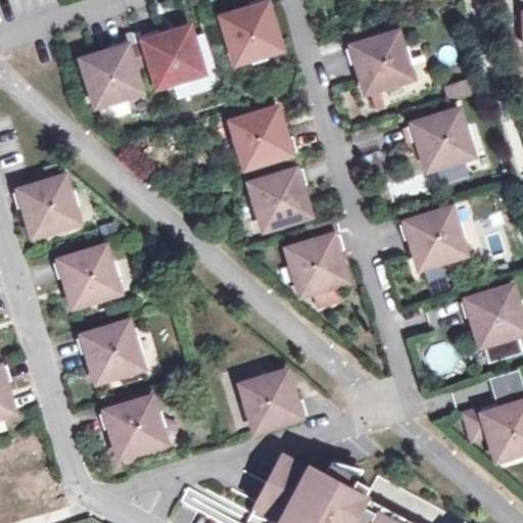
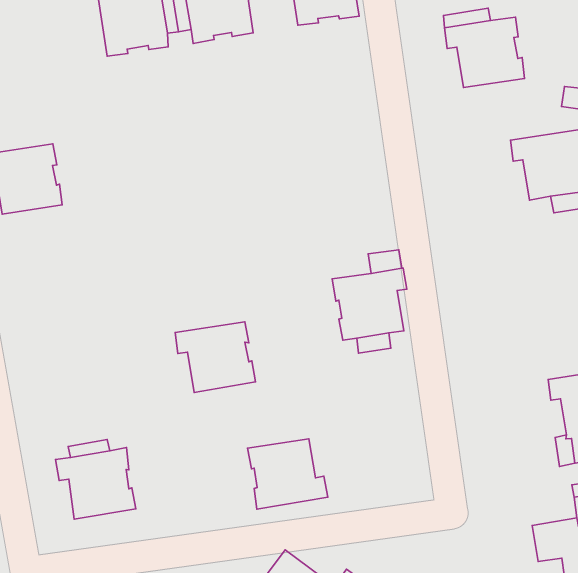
building: [232,109,298,168] -> none
building: [251,170,310,230] -> none
building: [399,210,466,269] -> none
building: [54,248,118,306] -> none
building: [77,324,142,382] -> [175,322,256,392]

